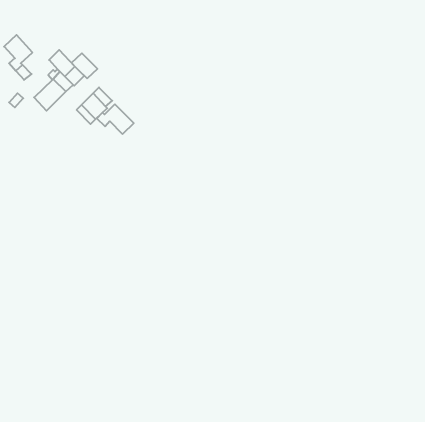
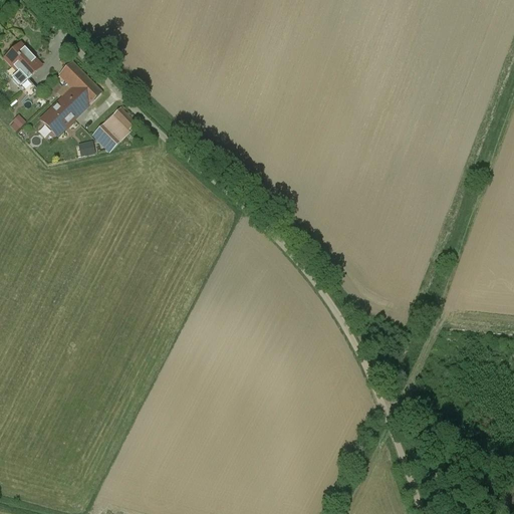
building: [72,53,97,78] -> none
building: [97,104,134,134] -> none

